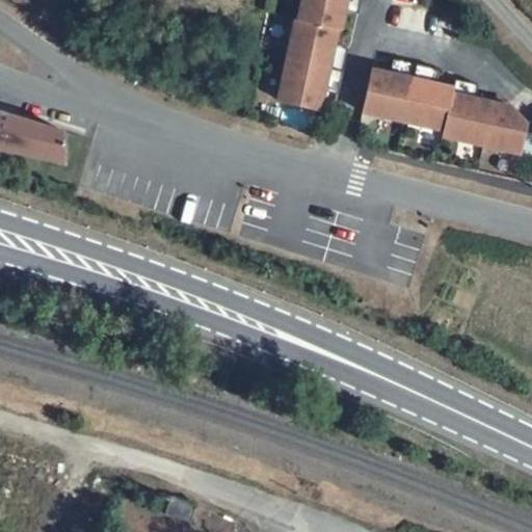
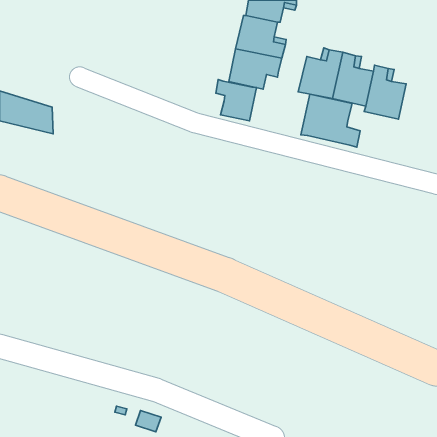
building: none -> [216,80,257,121]
building: [483,103,526,153] -> none
building: none -> [301,94,360,147]

